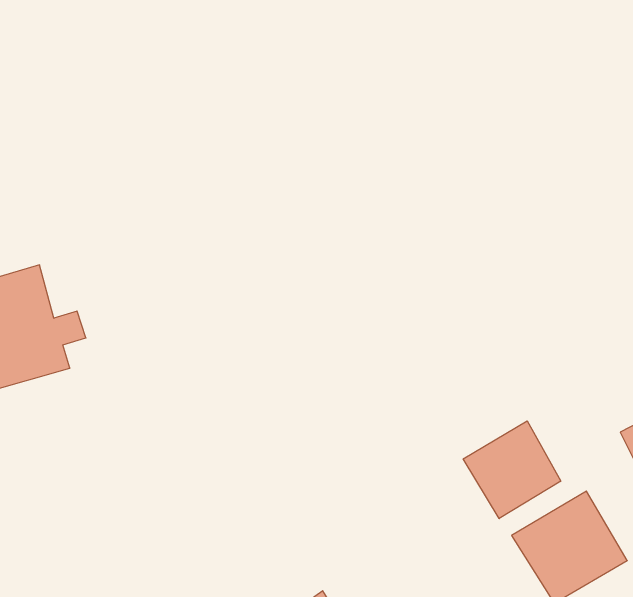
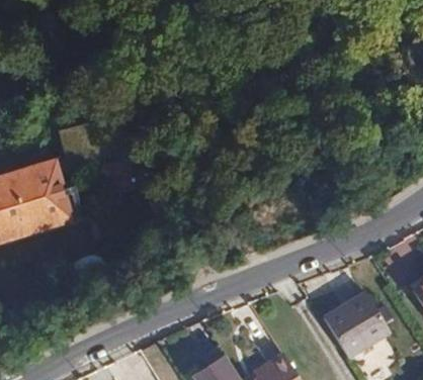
building: [463,421,561,519] -> none

